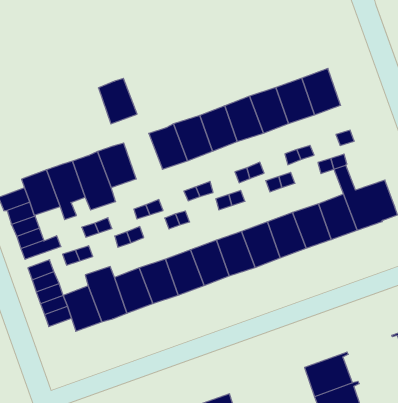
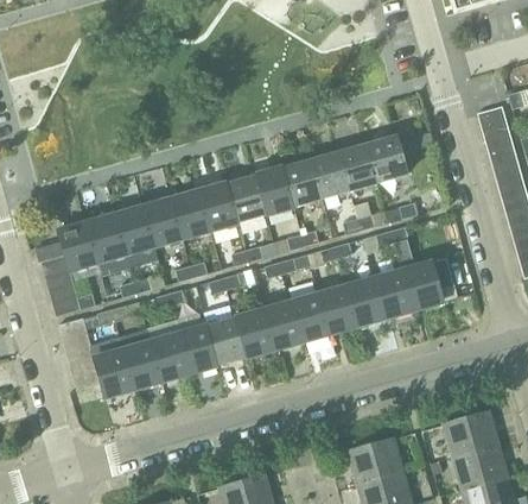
building: [98,78,137,124] -> [172,189,211,237]

